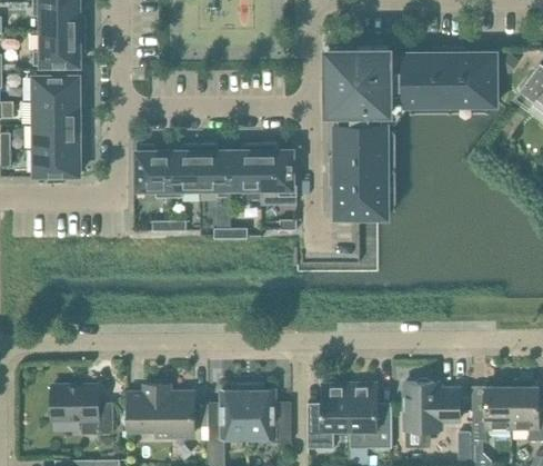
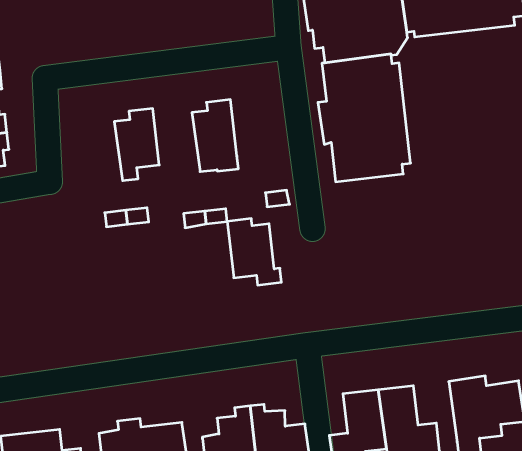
building: [135,145,169,198] -> none
building: [199,145,230,198] -> none
building: [260,145,296,197] -> [227,219,281,285]

